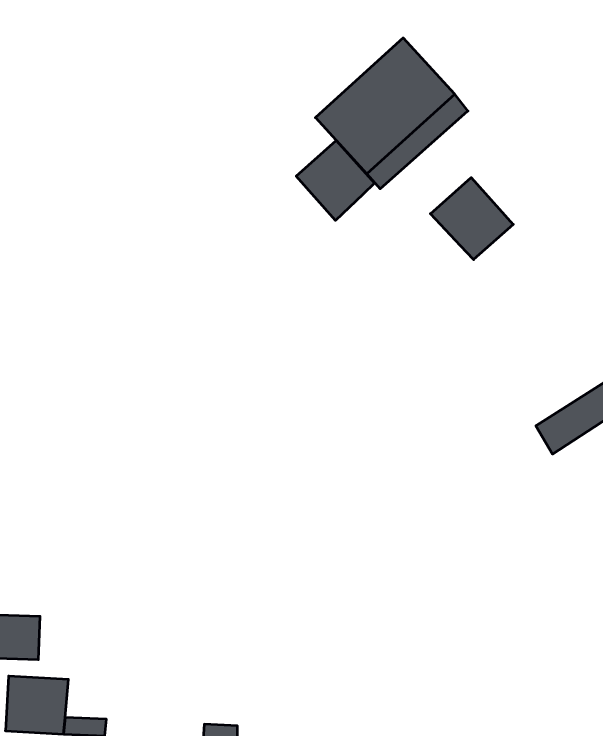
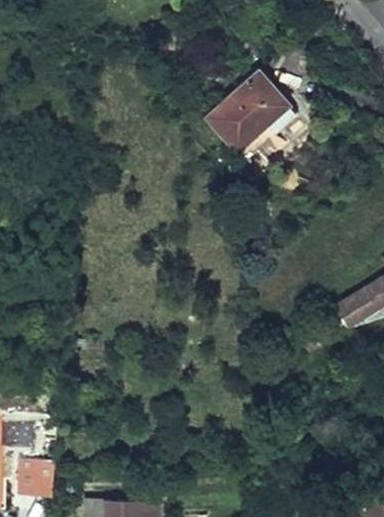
building: [296,140,374,220] -> none
building: [430,178,513,260] -> none

